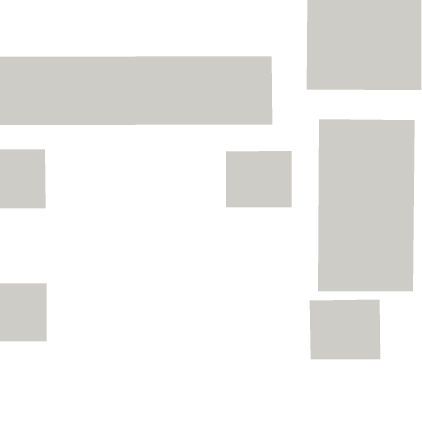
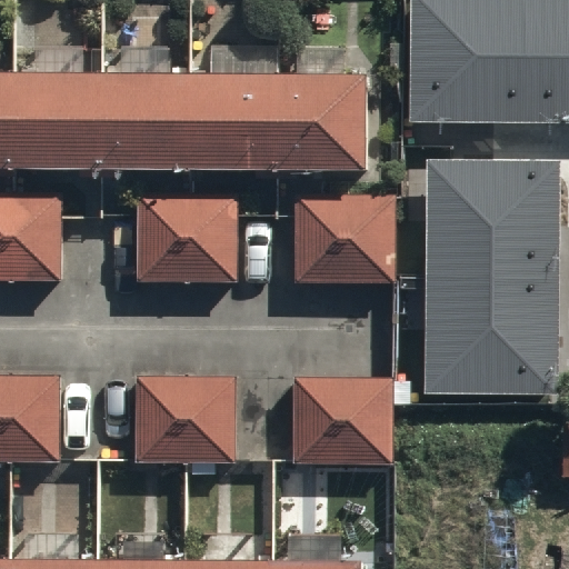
building: none -> [138,202,237,279]
building: none -> [142,378,234,462]
building: [309,299,381,360] -> [297,381,393,462]

